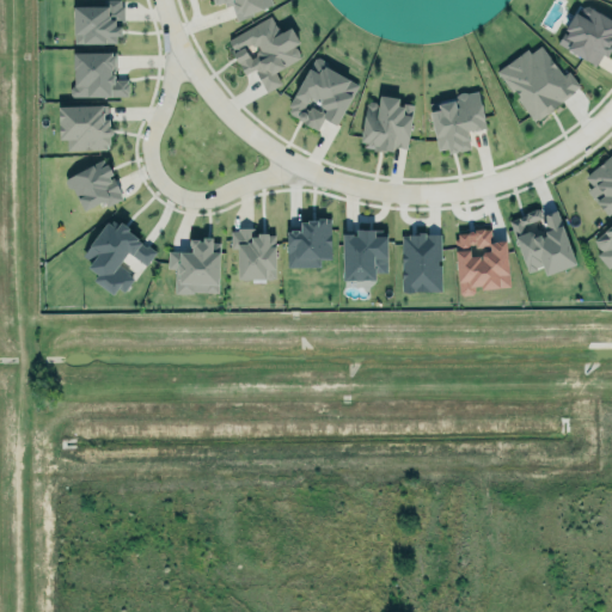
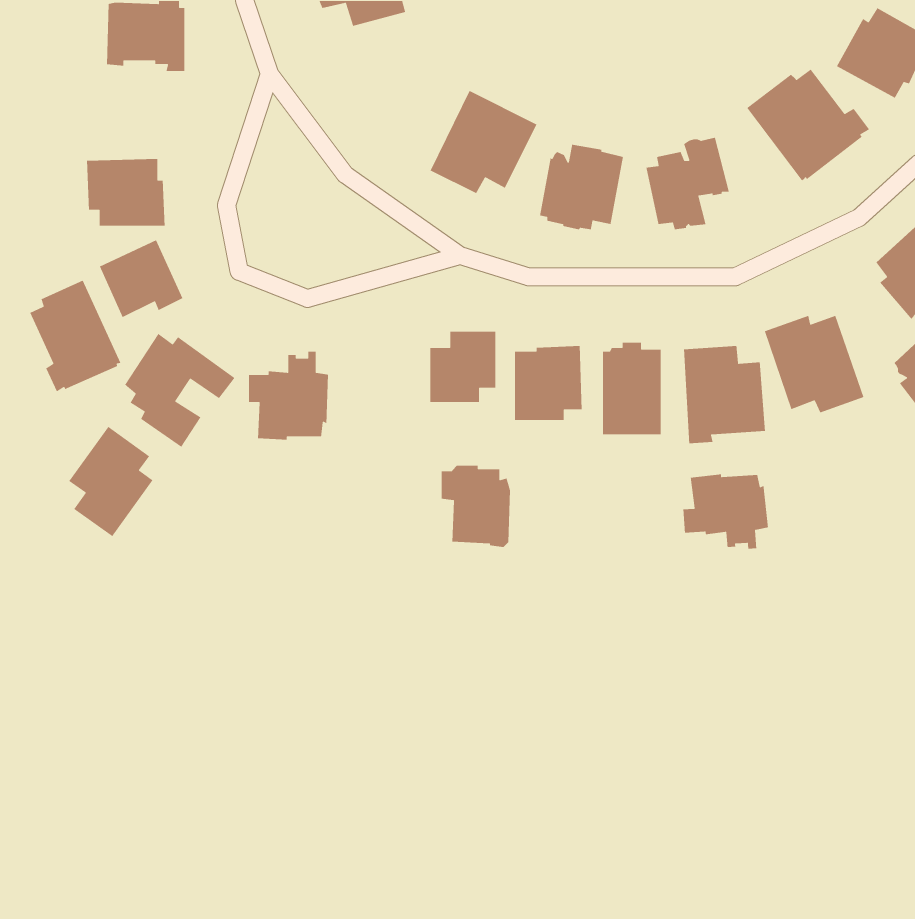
building: [228,17,304,92] -> none
building: [74,51,129,97] -> none
building: none -> [29,279,122,393]
building: [231,225,277,280] -> [441,465,511,548]
building: none -> [68,426,154,537]
building: none -> [682,474,769,550]

